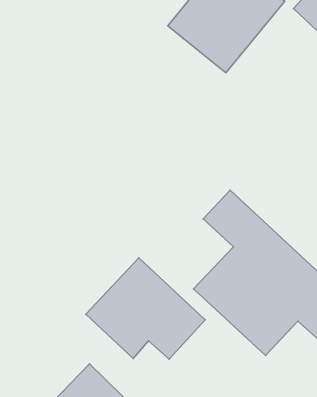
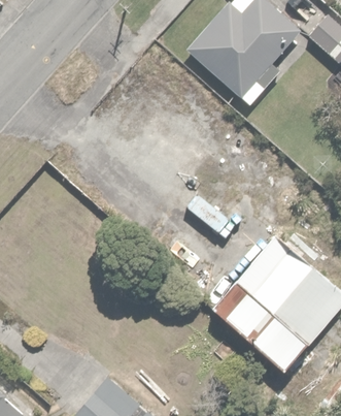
building: [86,258,205,359] -> none

